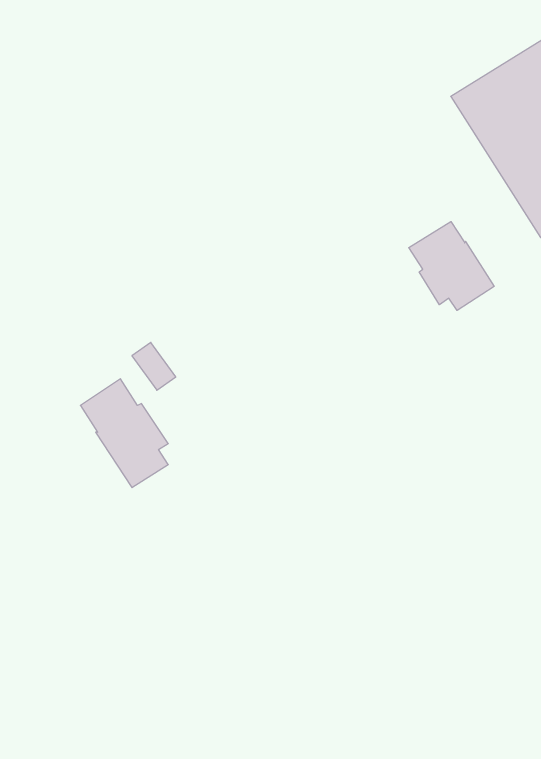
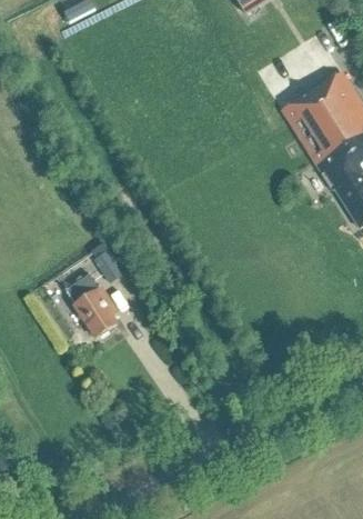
building: [409,222,494,310] -> none

